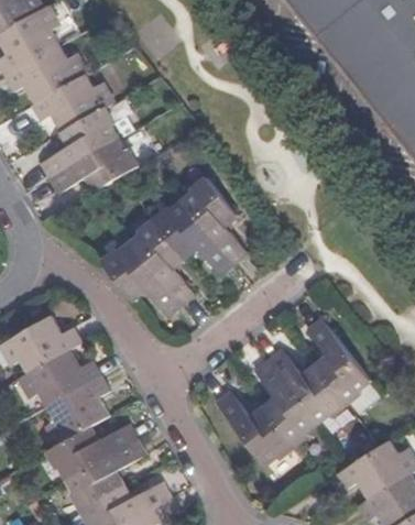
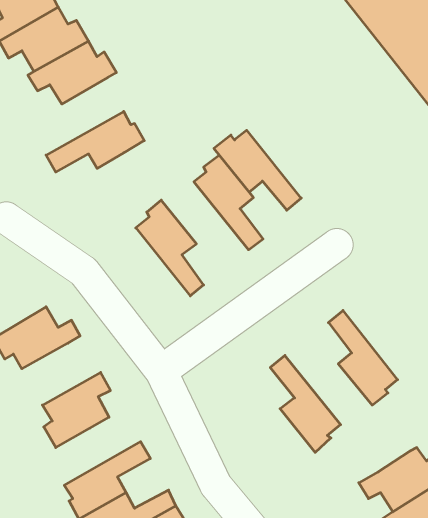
building: [42,108,120,178] -> none
building: [154,203,233,275] -> [214,130,301,210]
building: [101,244,181,317] -> none
building: [20,349,99,405] -> none
building: [266,349,346,423] -> none
building: [216,393,294,464] -> none
building: [46,423,135,478] -> none

